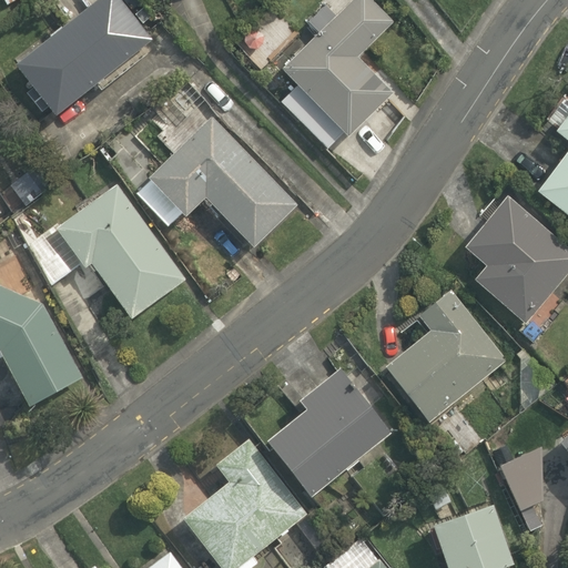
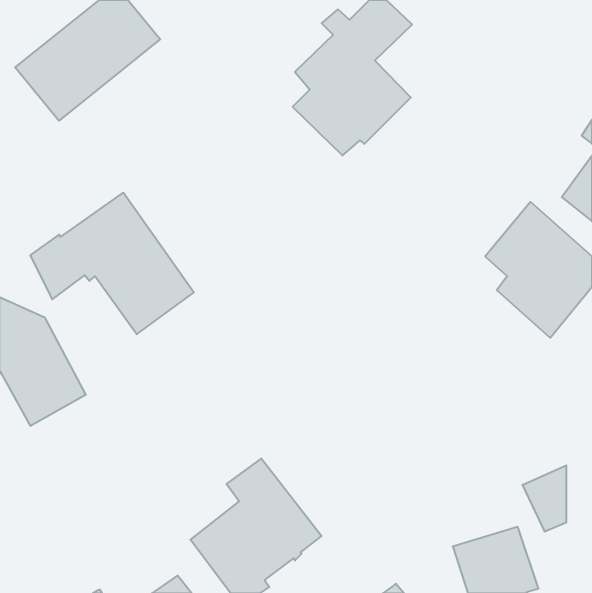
building: [136,118,296,248] -> none
building: [386,288,506,420] -> none
building: [266,365,393,495] -> none

